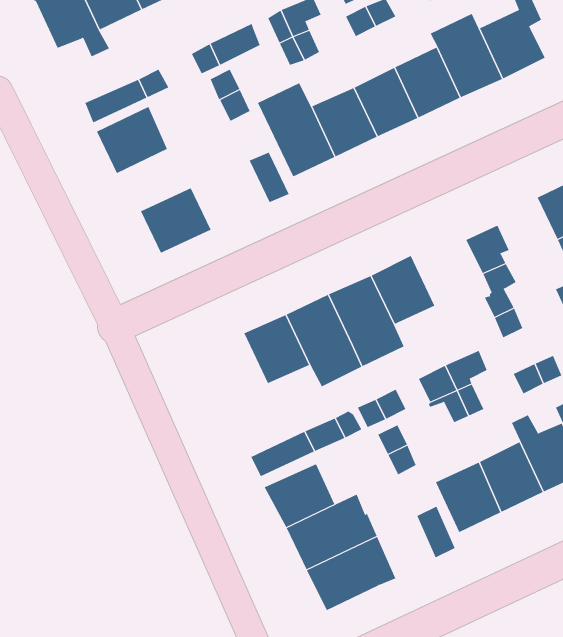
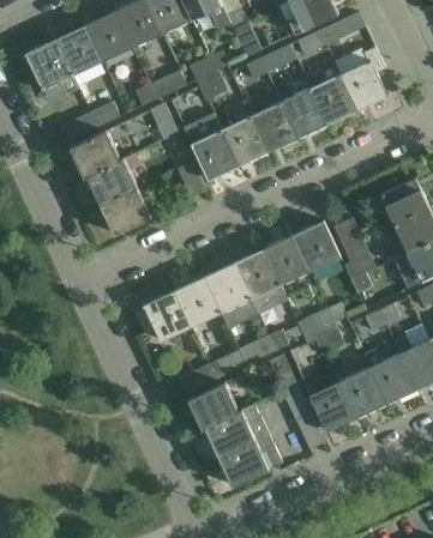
building: none -> [83,152,140,204]
building: none -> [291,220,339,271]
building: none -> [136,290,190,340]

